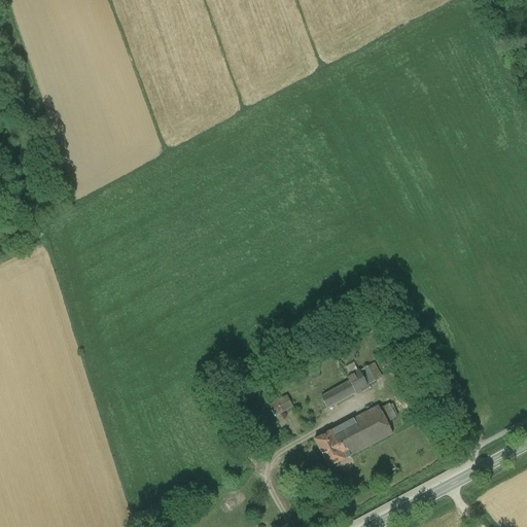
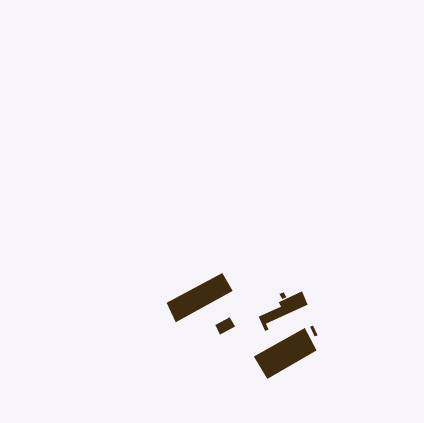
building: none -> [166,272,234,323]

